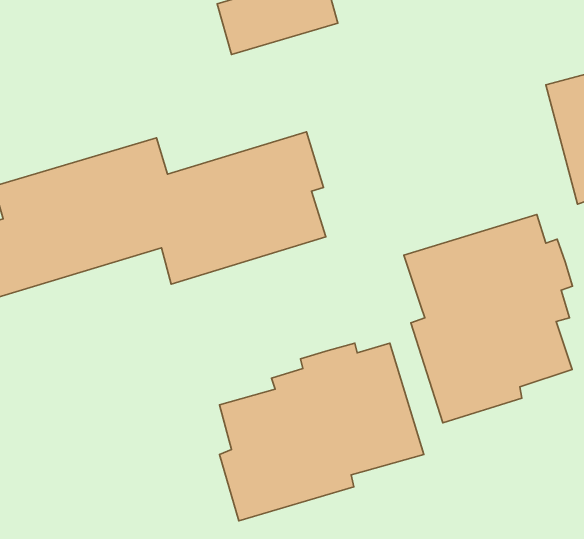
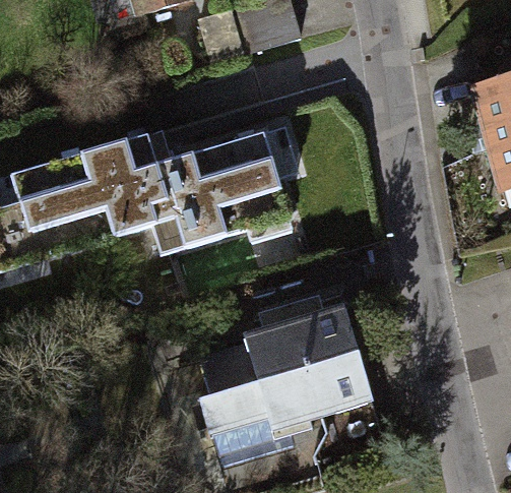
building: [404,215,572,423] -> none

